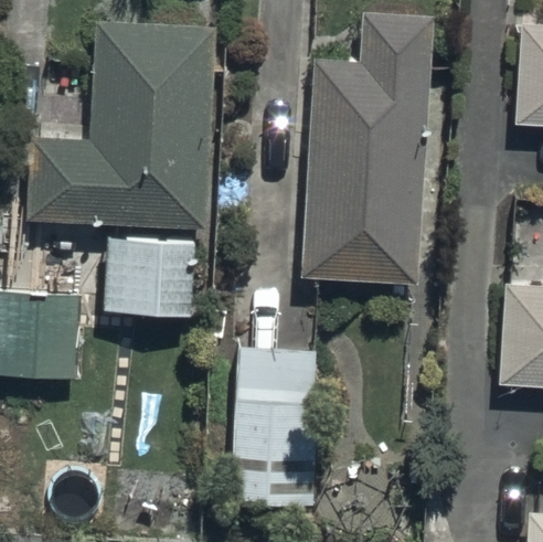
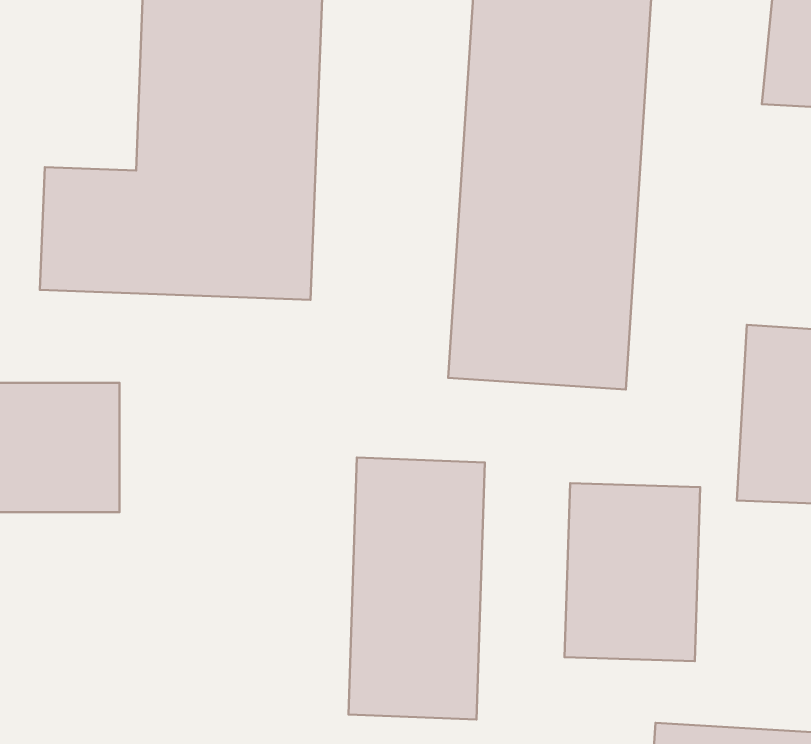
building: [107,240,199,315] -> none
building: none -> [565,483,700,661]

